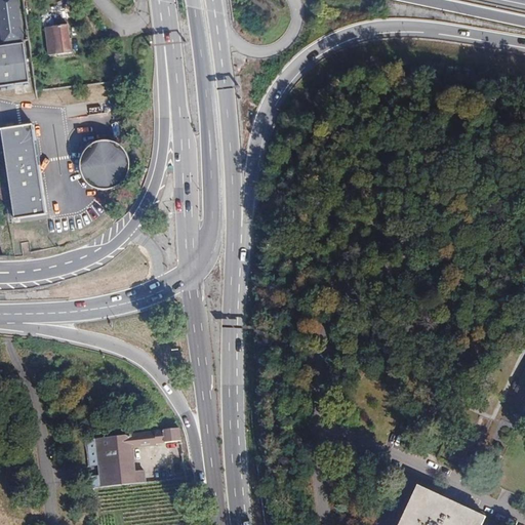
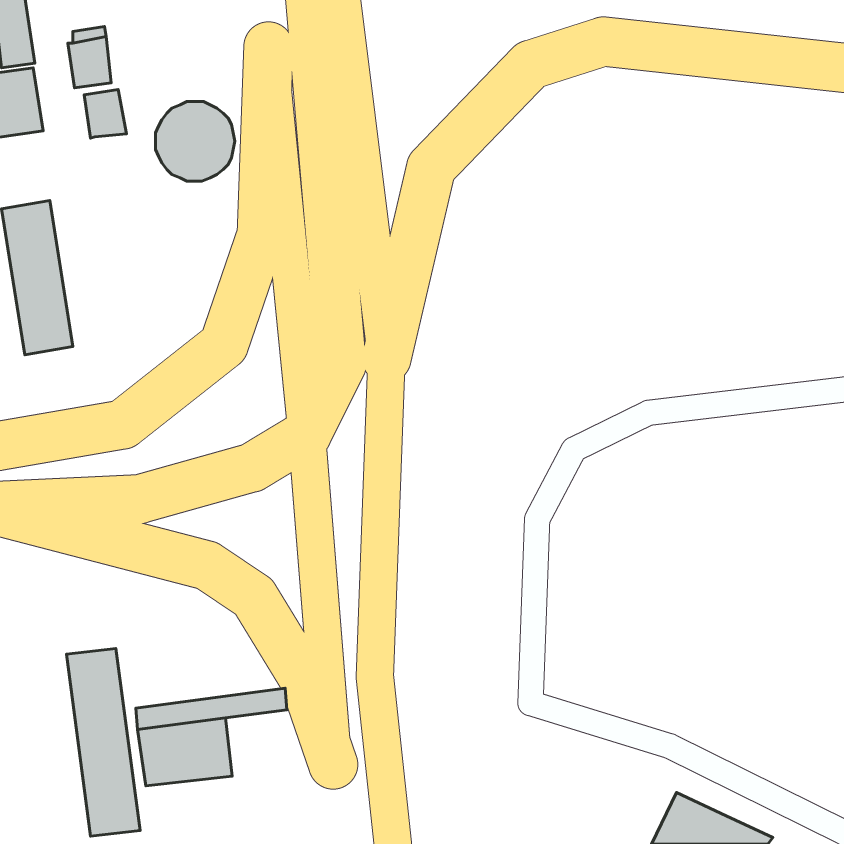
building: none -> [84,90,127,138]
building: [76,138,125,188] -> [155,101,235,181]
building: none -> [66,648,140,836]

